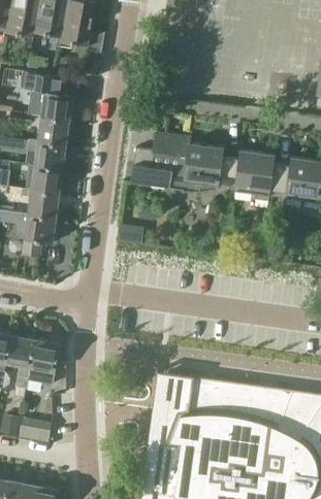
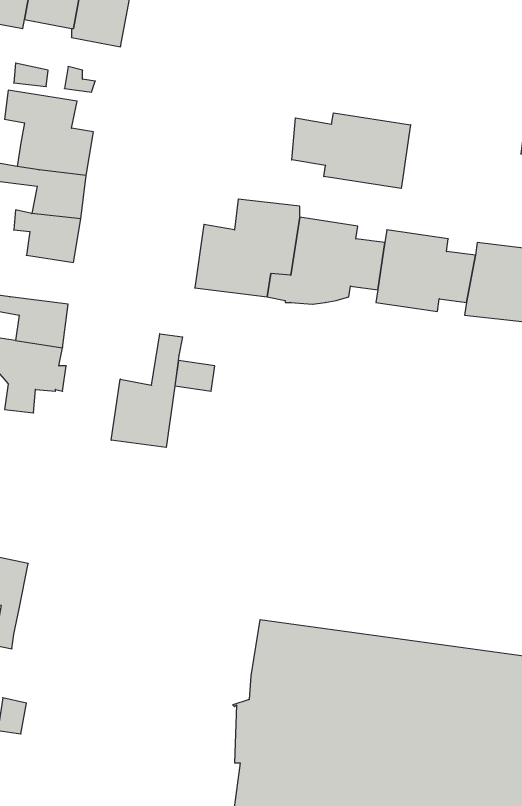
building: none -> [292,113,411,188]
building: [25,166,61,194] -> none
building: none -> [111,334,183,447]
building: [27,341,59,386] -> none

